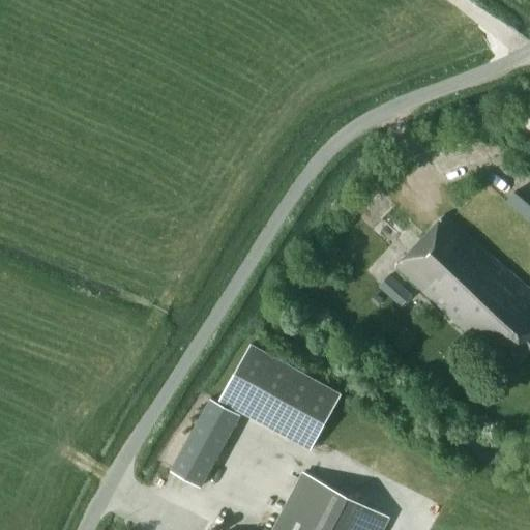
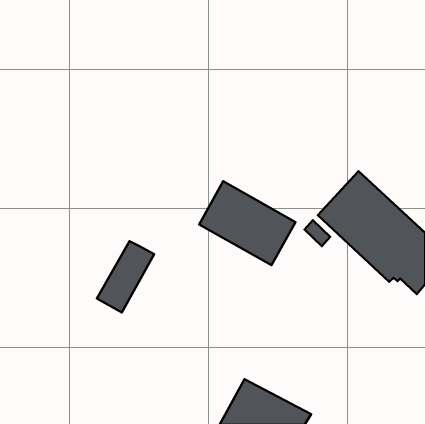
building: [220,345,341,449] -> [199,181,296,265]
building: [170,399,241,488] -> [97,241,154,313]

